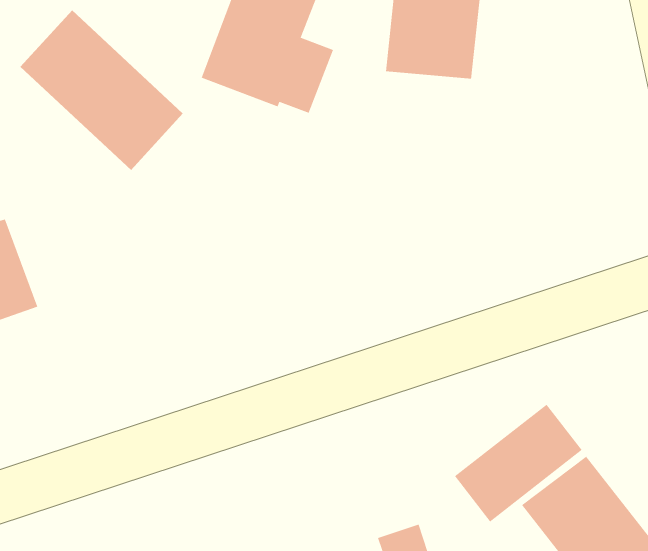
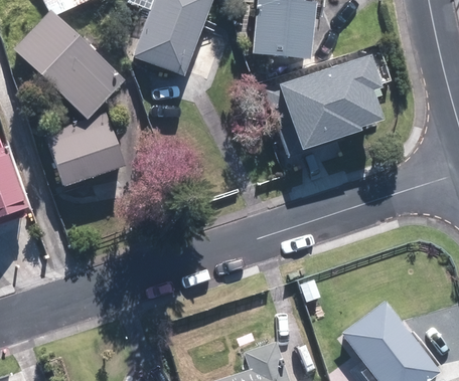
building: none -> [278,58,378,152]
building: none -> [48,115,124,184]
building: [454,404,582,522] -> none

